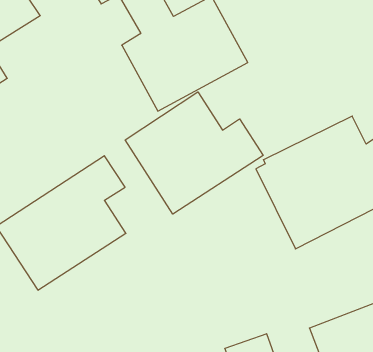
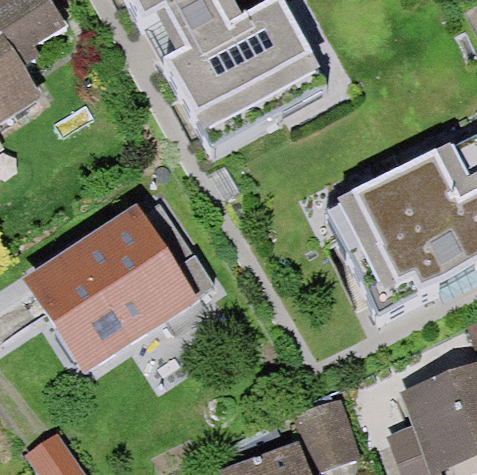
building: [125,92,263,214] -> none

